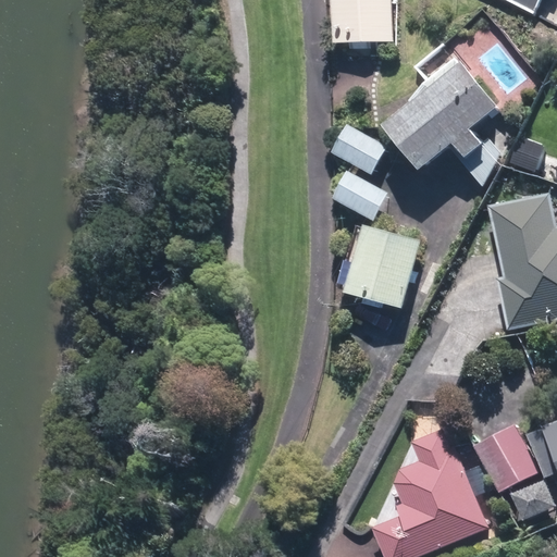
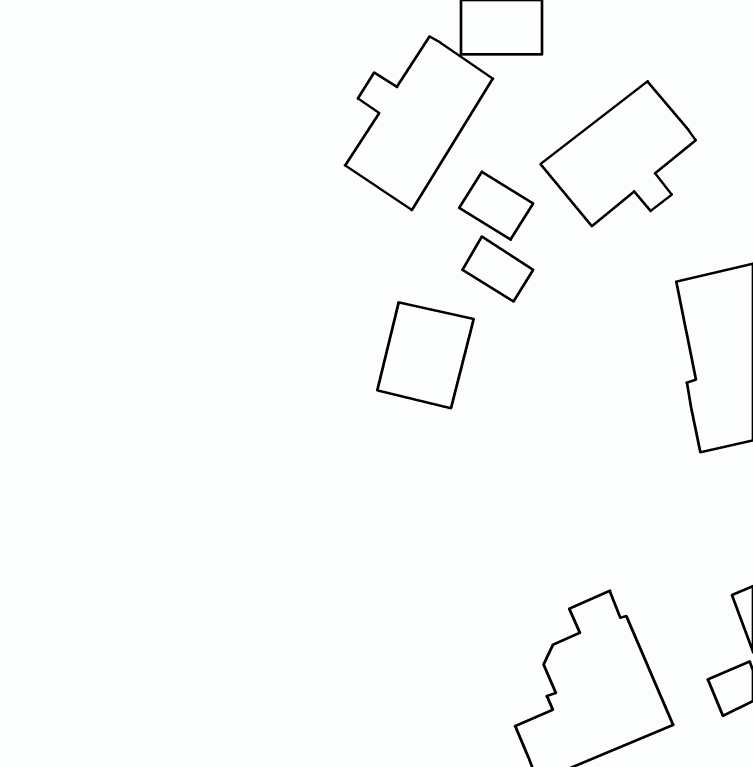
building: none -> [345,37,493,210]
building: [349,228,419,305] -> [377,303,474,408]
building: [474,426,534,488] -> none

